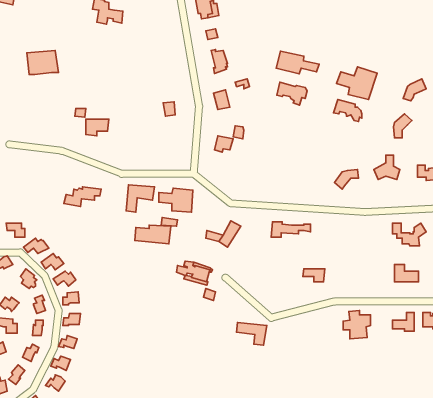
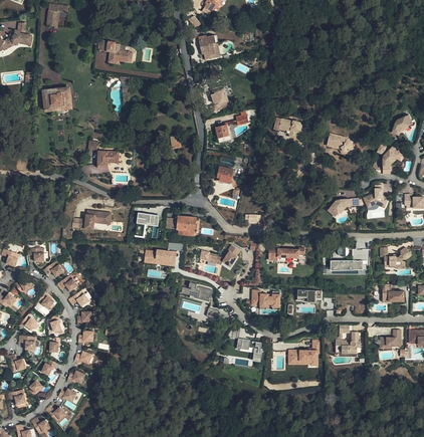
building: [276,51,319,74] -> none
building: [336,67,377,100] -> none
building: none -> [332,248,371,269]
building: none -> [252,290,282,307]
building: none -> [287,340,322,365]

